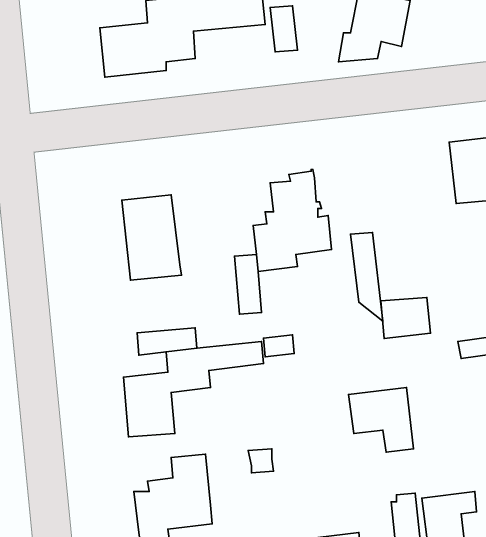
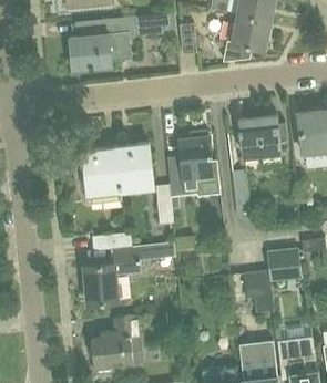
building: none -> [238,115,280,157]
building: none -> [114,143,153,193]
building: [381,298,430,338] -> [267,253,299,280]

